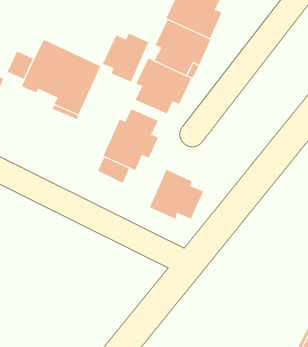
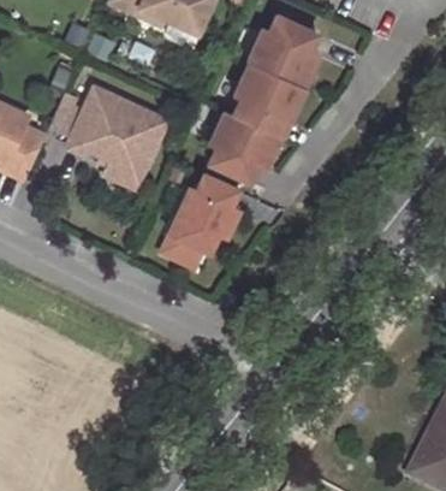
building: [102,33,150,83] -> none
building: [149,169,204,219] -> none

